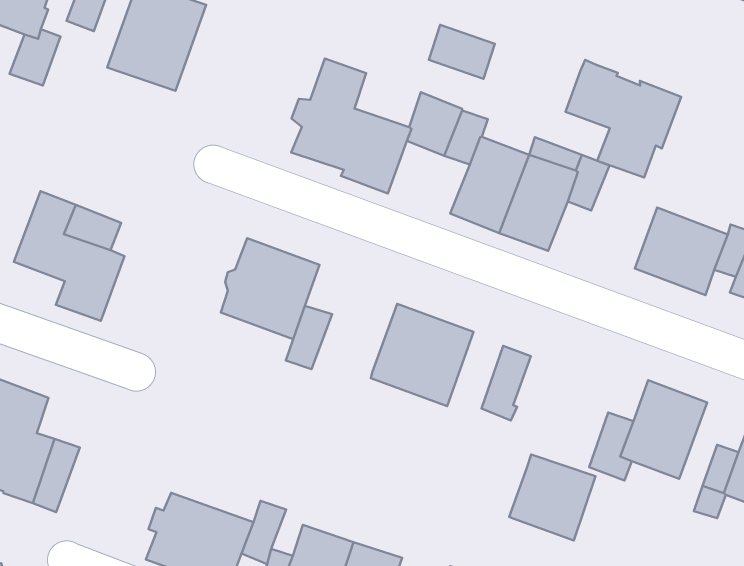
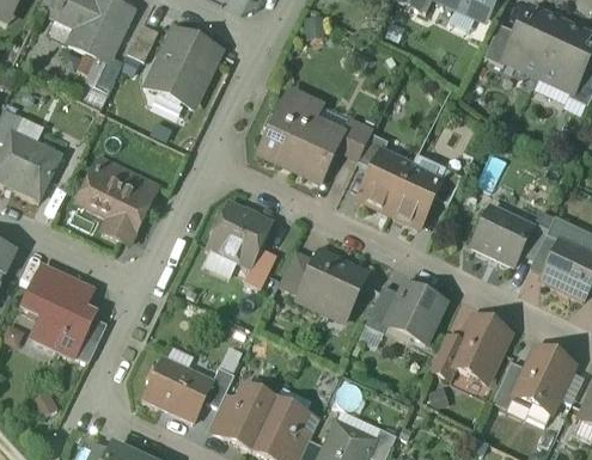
building: [429,25,495,79] -> [304,103,347,140]
building: [566,60,681,177] -> none
building: none -> [277,249,315,293]
building: [509,454,596,540] -> [385,284,443,342]

